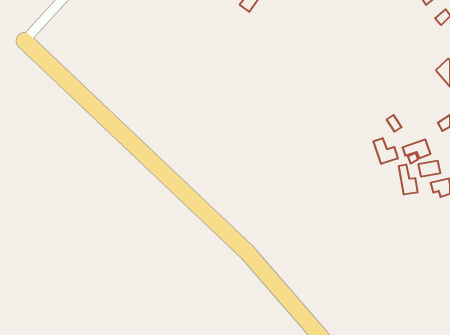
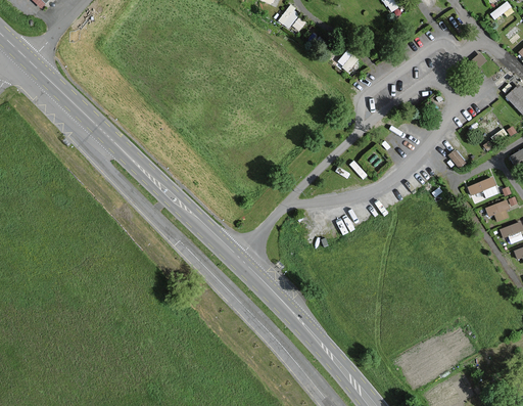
building: [373,138,398,164] -> none
building: [399,164,417,195] -> none

